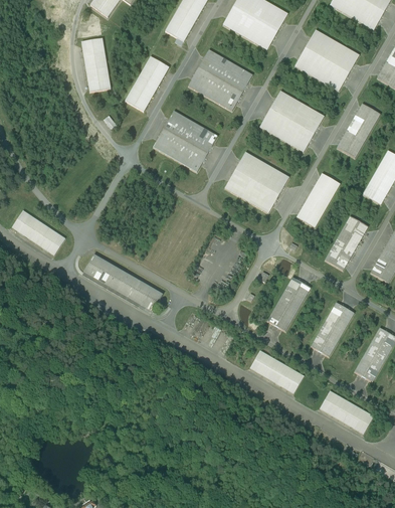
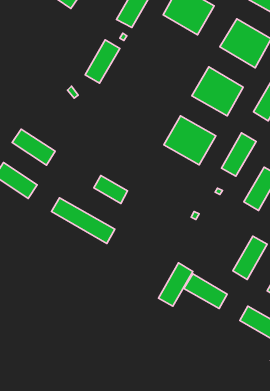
building: [81,37,111,91] -> none
building: [188,48,252,110] -> none
building: [153,110,217,171] -> none
building: none -> [12,129,55,165]
building: none -> [94,176,128,203]
building: [267,276,311,330] -> [158,263,193,306]

